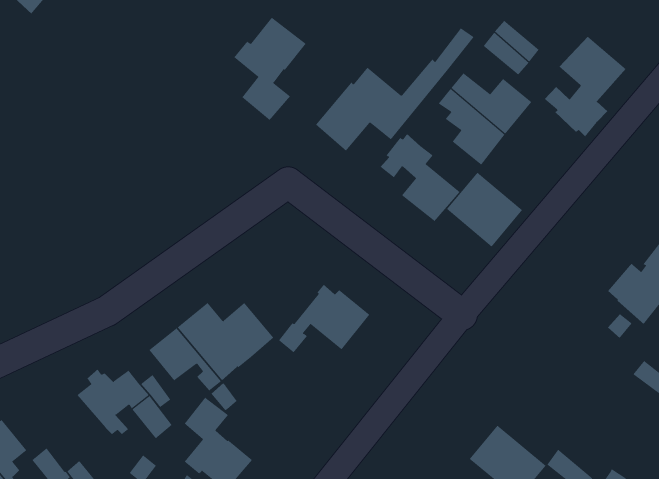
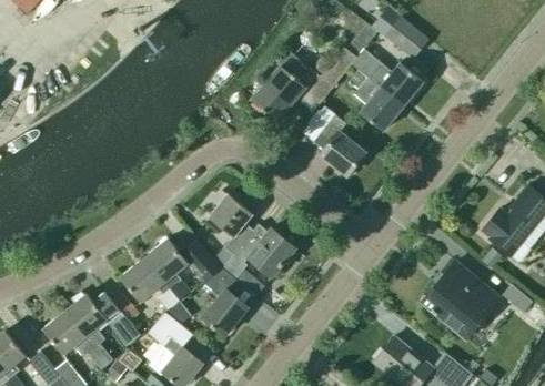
building: [234,17,307,121] -> none
building: [544,36,626,137] -> none
building: [446,172,523,247] -> none
building: none -> [209,193,254,255]
building: none -> [422,261,499,338]
building: none -> [202,266,249,335]
building: none -> [43,312,108,368]

